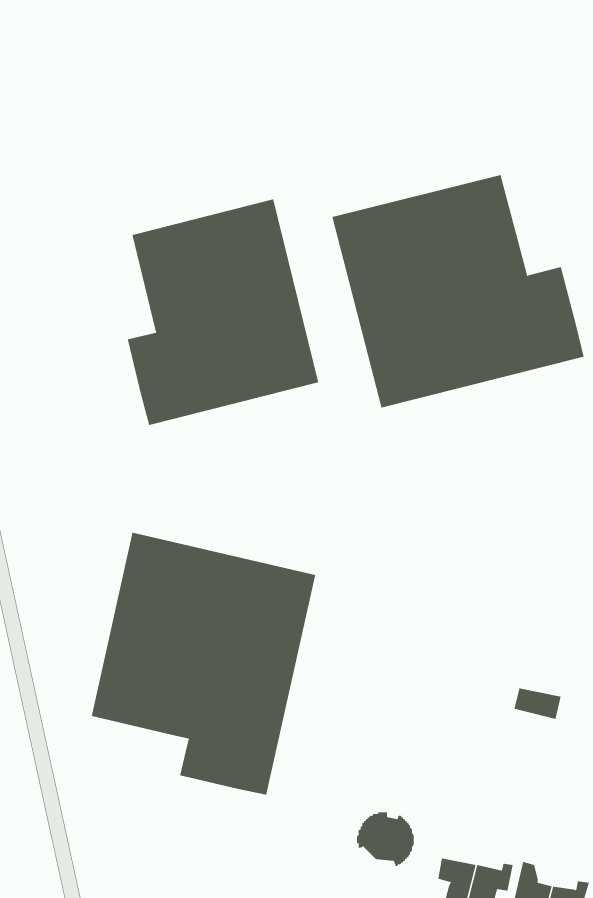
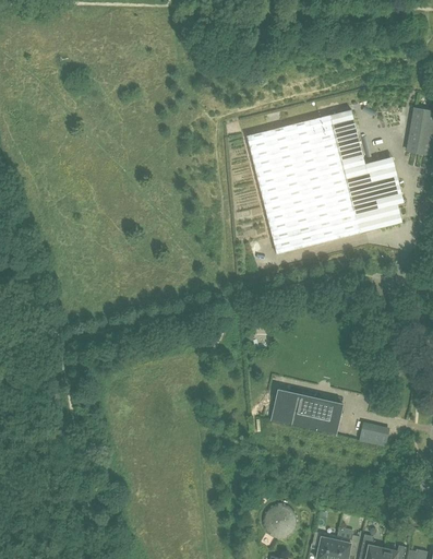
building: [127,198,319,426] -> none
building: [91,532,316,796] -> none
building: none -> [272,390,342,436]

